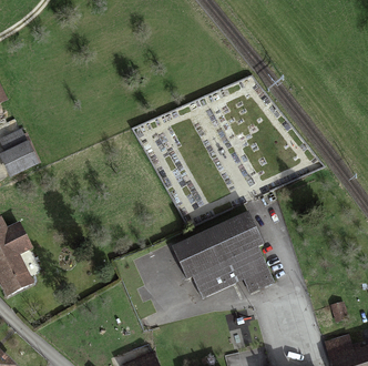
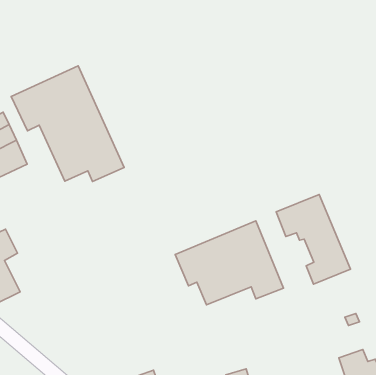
building: none -> [11,66,124,182]
building: none -> [276,194,350,284]

